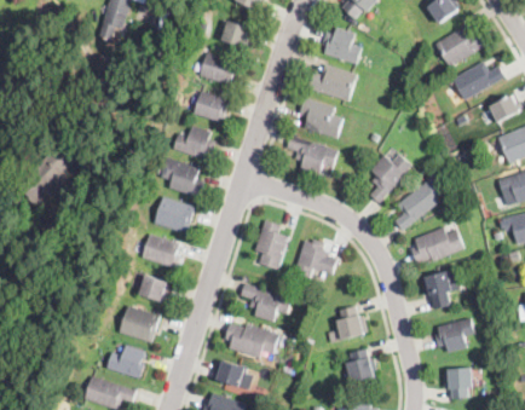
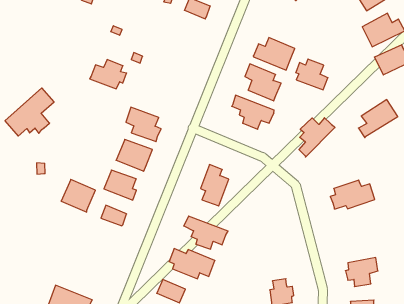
building: [323,28,362,63] -> [296,59,328,90]
building: [201,53,242,85] -> none
building: [195,89,230,120] -> none
building: [173,126,217,160] -> [90,60,127,89]
building: [394,183,440,230] -> [358,100,398,138]
building: [293,238,339,278] -> none
building: [422,272,452,310] -> none
building: [120,305,160,342] -> [61,179,95,212]
building: [338,307,368,340] -> none
building: [108,345,145,379] -> none

